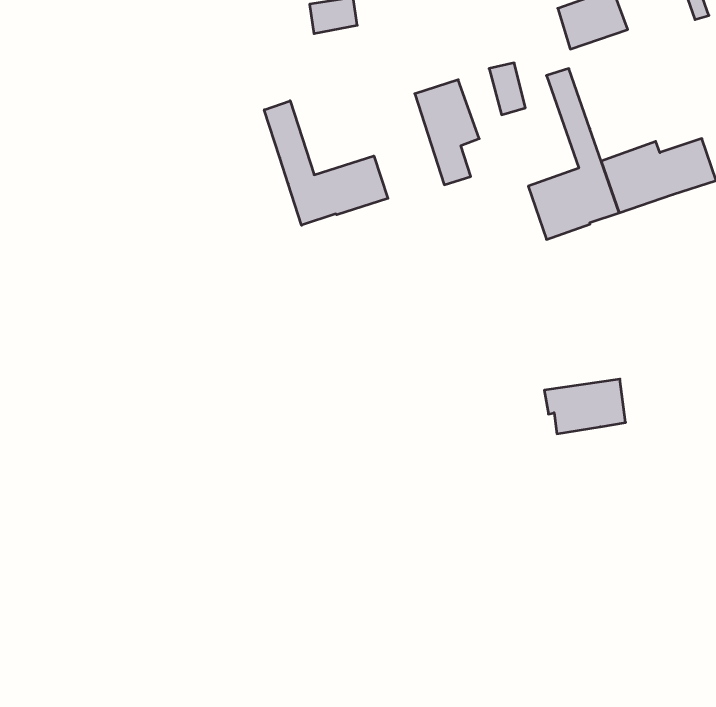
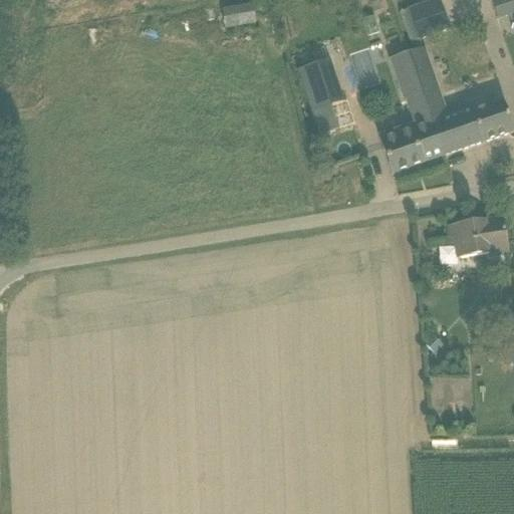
building: none -> [408,43,440,92]
building: [264,101,388,225] -> none
building: [544,379,626,434] -> [449,216,507,255]

